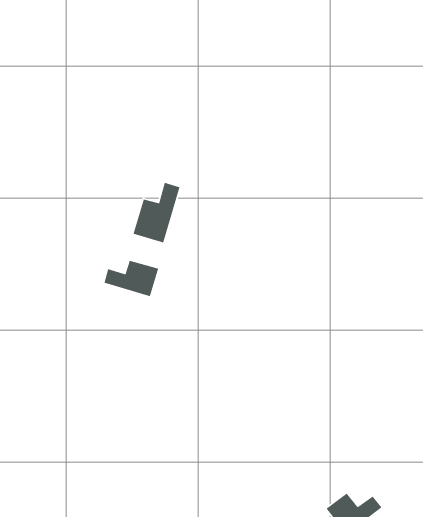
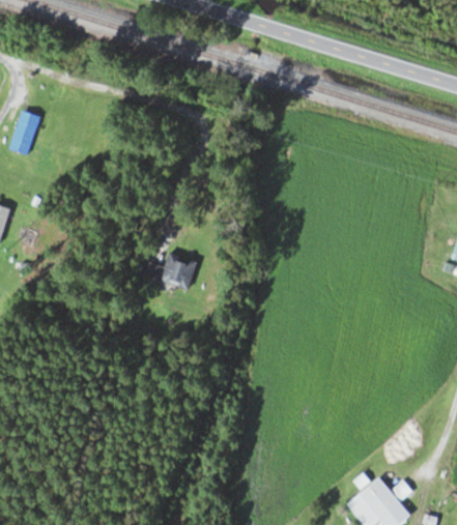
building: [132,182,180,243] -> none

